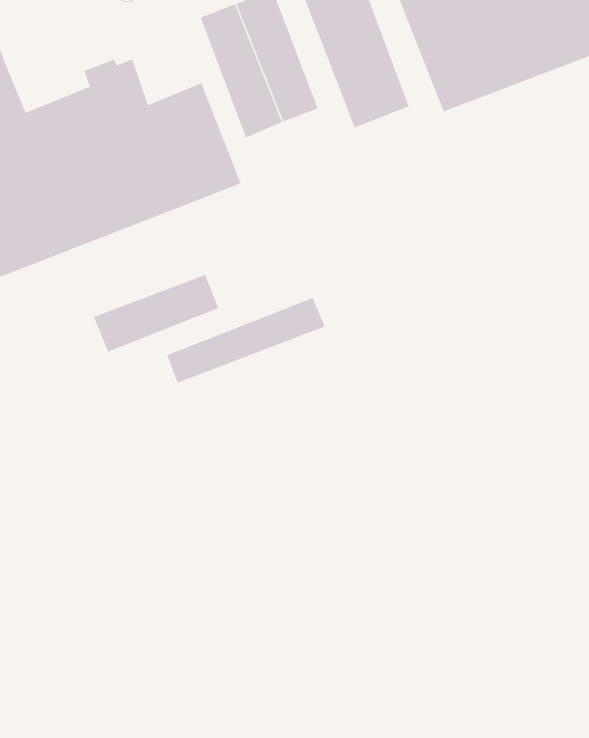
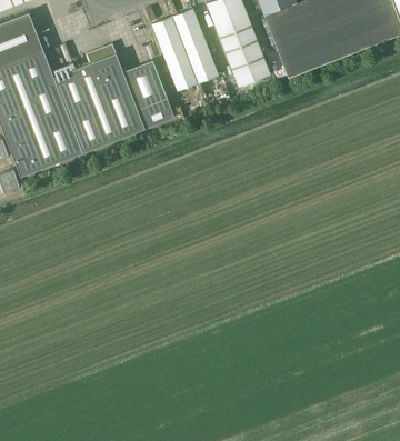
building: [93,274,219,352] -> none
building: [167,297,325,383] -> none

